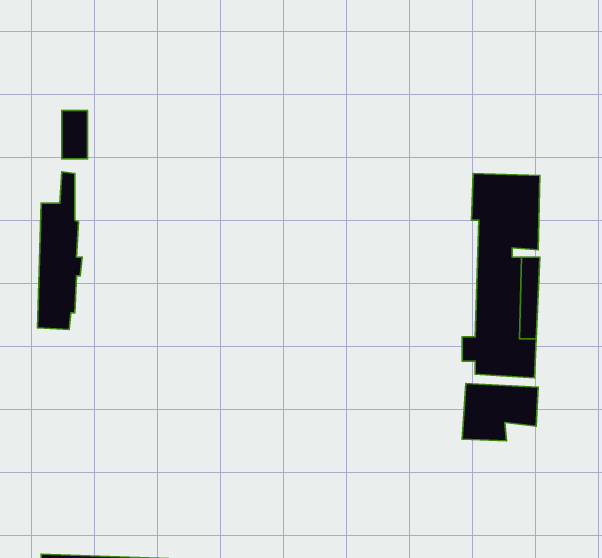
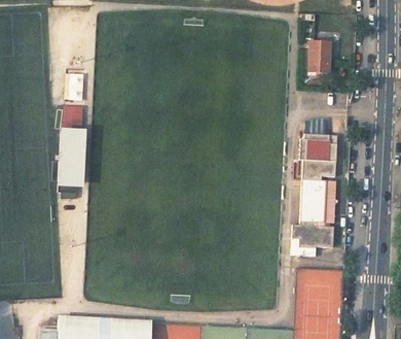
building: none -> [304,41,327,75]

